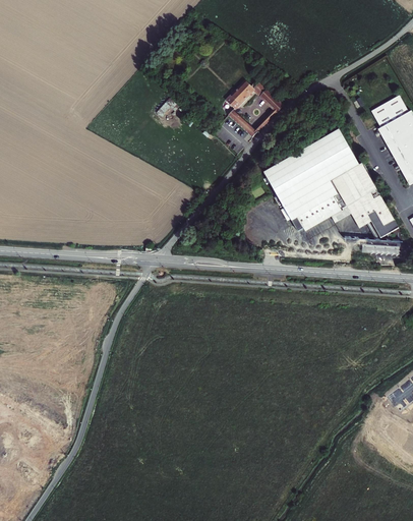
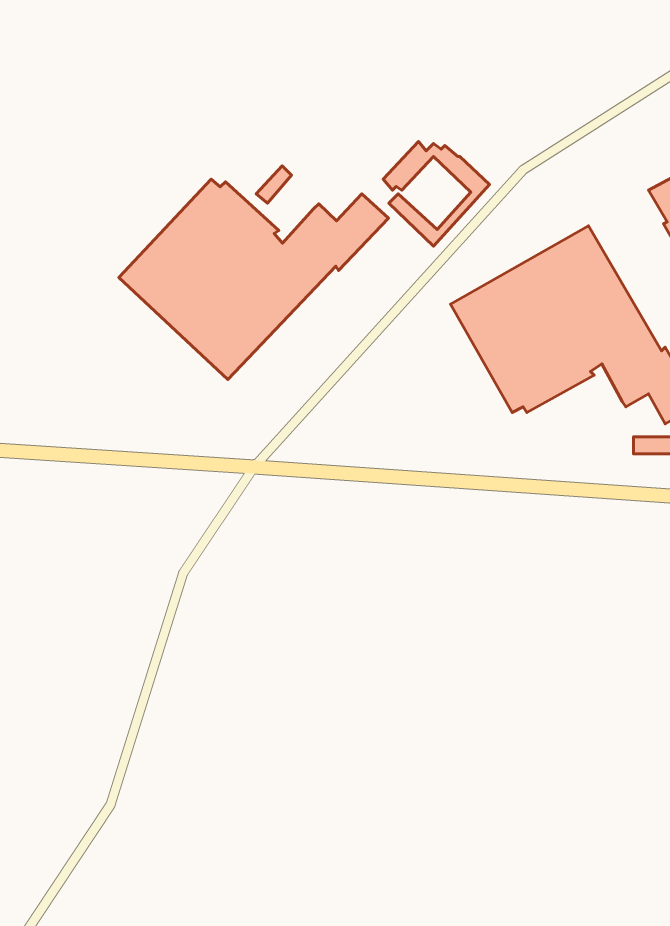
building: none -> [119,179,388,380]

